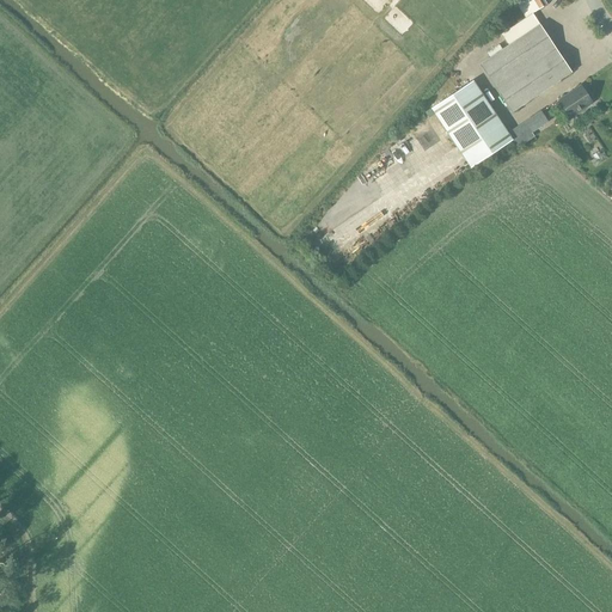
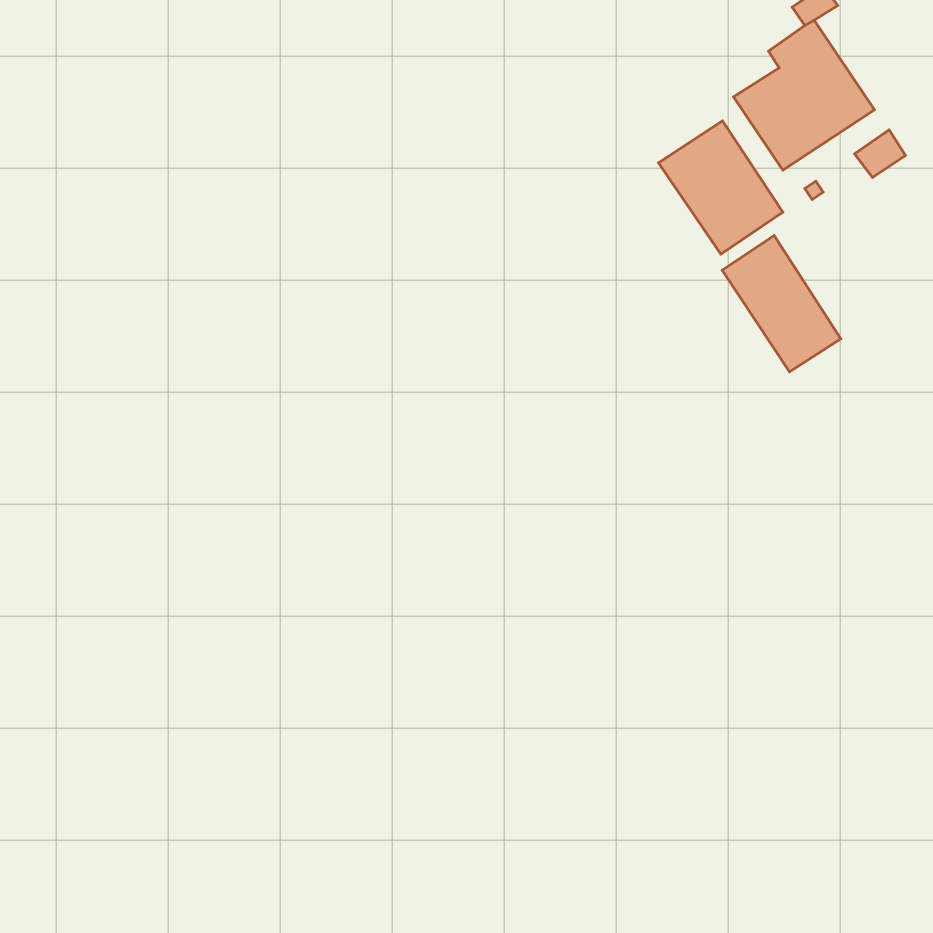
building: none -> [722,236,841,372]

